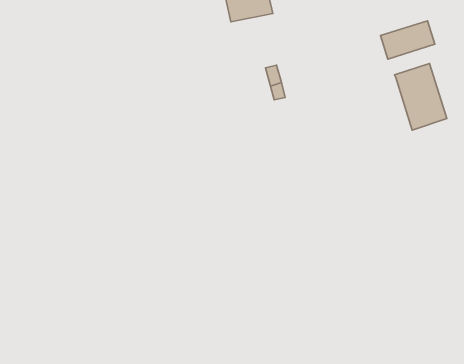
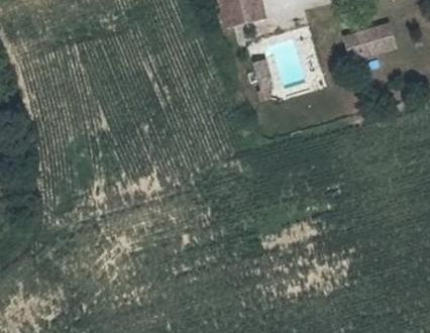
building: [395,63,447,130] -> none

